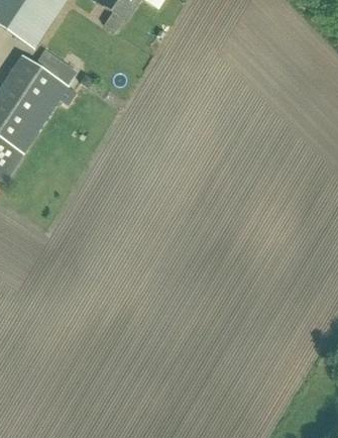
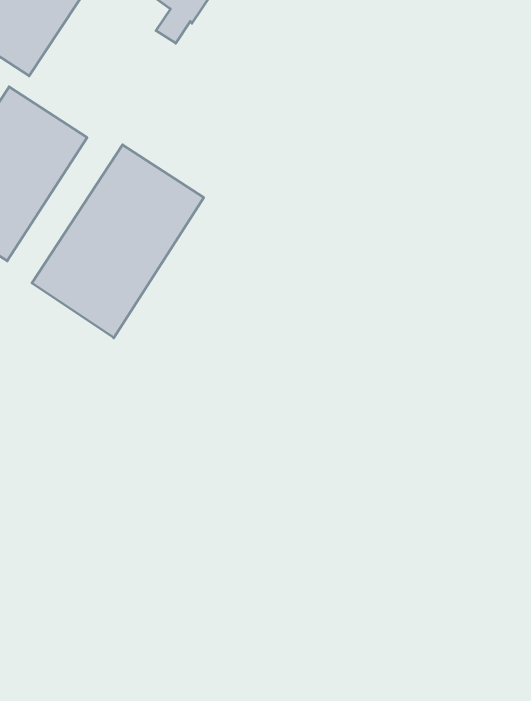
building: none -> [32,145,204,338]

